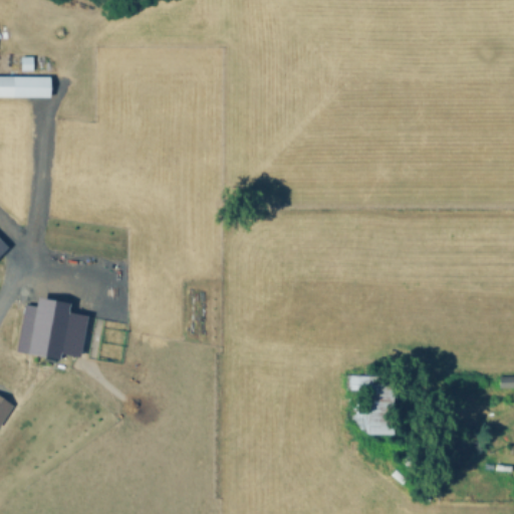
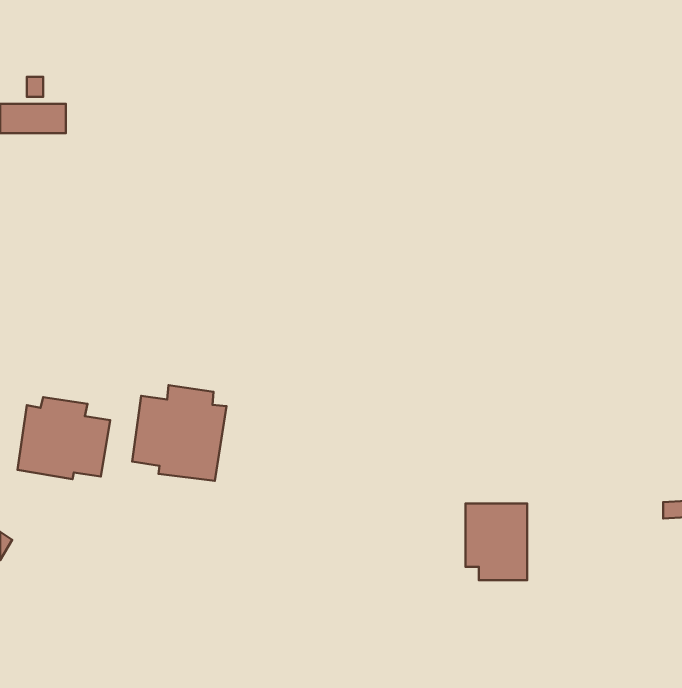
building: none -> [132,385,226,481]

